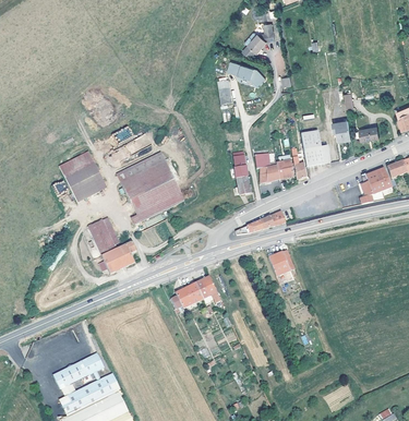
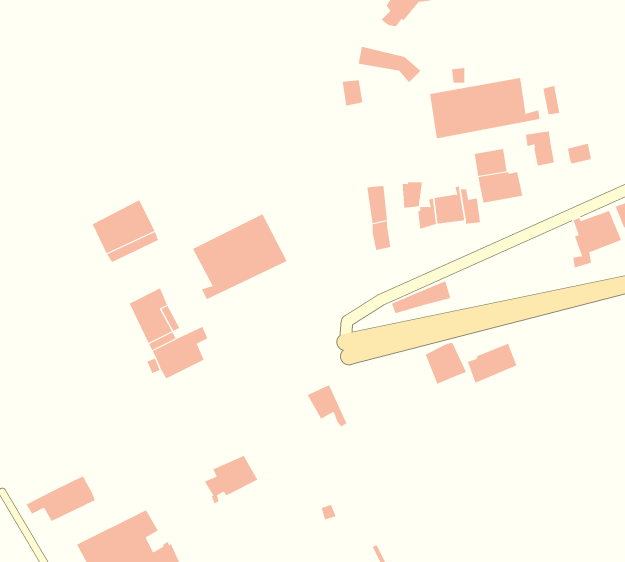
building: none -> [429,77,540,139]
building: [115,149,168,192] -> none
building: none -> [467,343,517,383]
building: [170,282,204,313] -> [204,455,258,505]
building: none -> [26,475,95,522]

